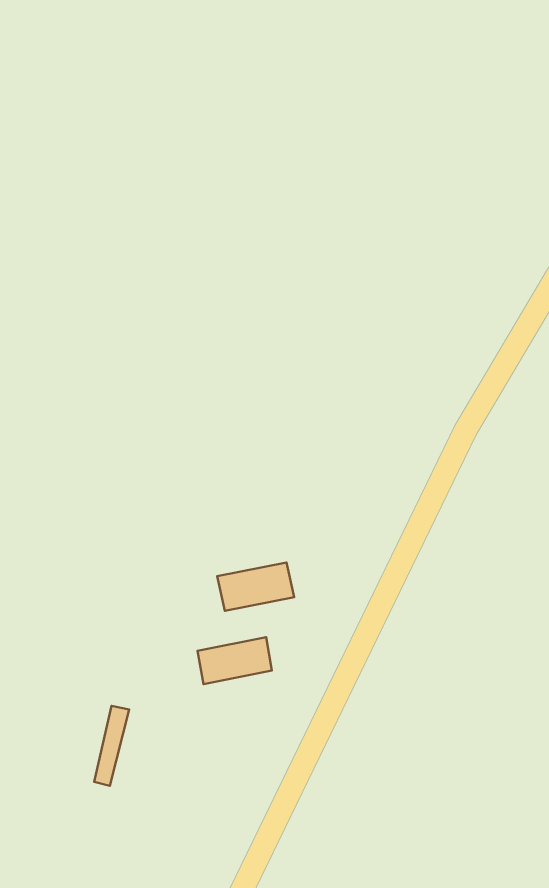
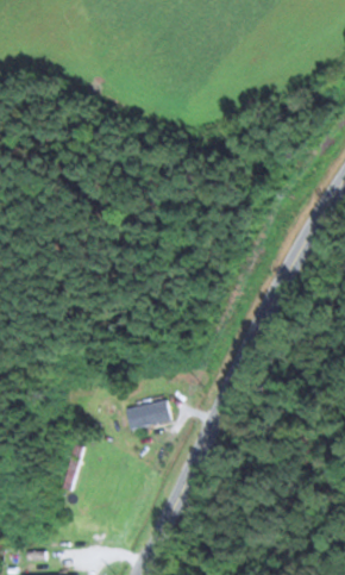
building: [217,562,294,611] -> none

